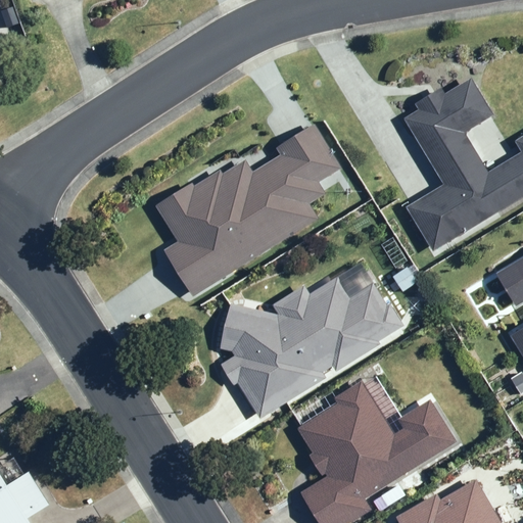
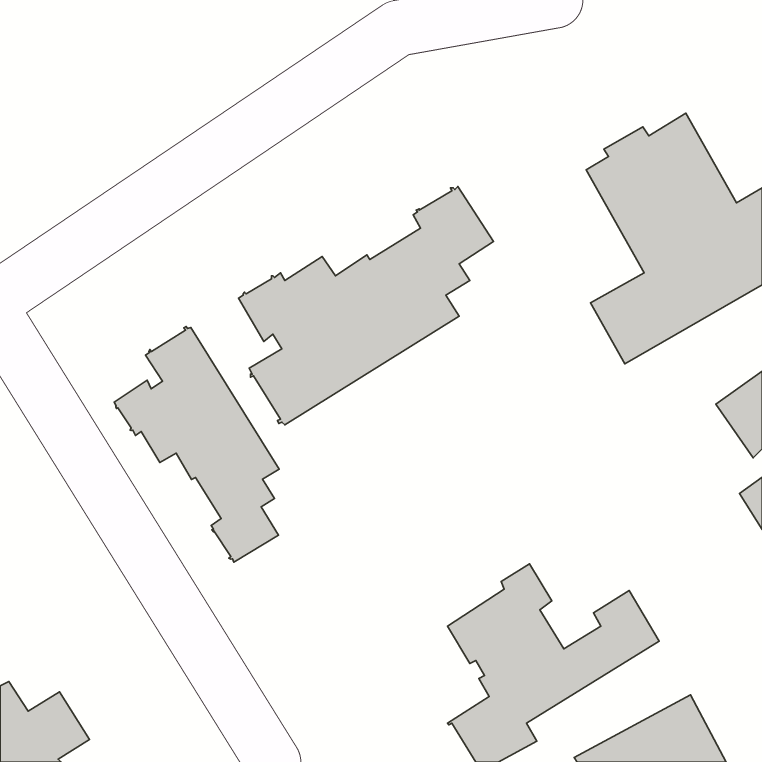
building: none -> [114,326,279,562]
building: [224,282,398,412] -> none

